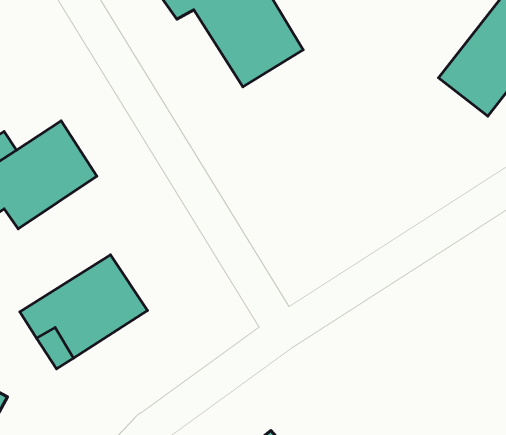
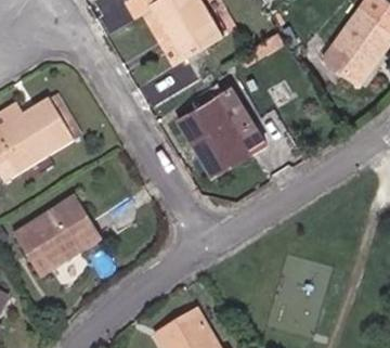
building: none -> [173,87,244,173]

